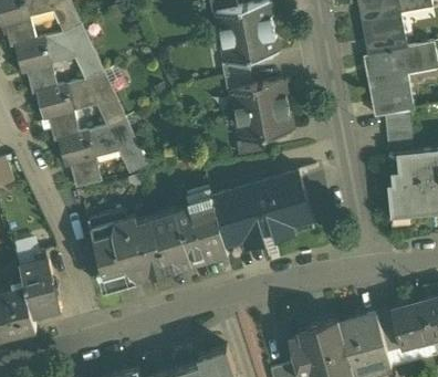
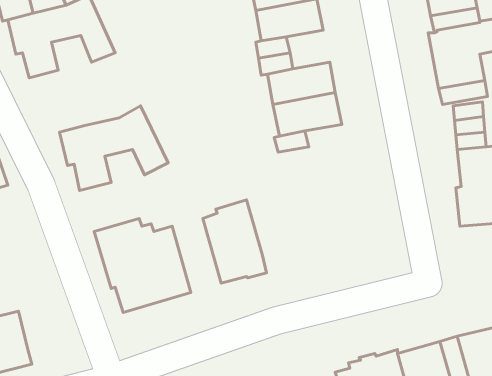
building: [36,73,125,140] -> none
building: [213,172,311,244] -> none
building: [152,211,192,273] -> none
building: [18,251,60,321] -> none

